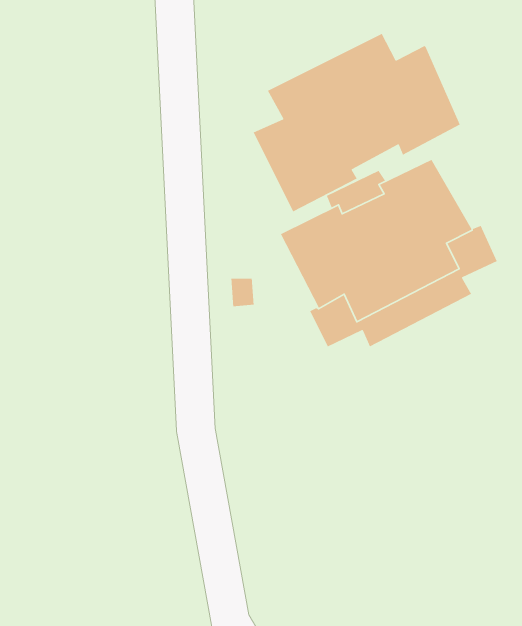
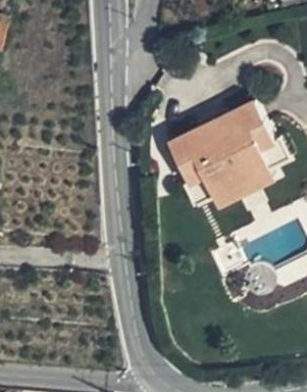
building: [252,33,461,212] -> none

